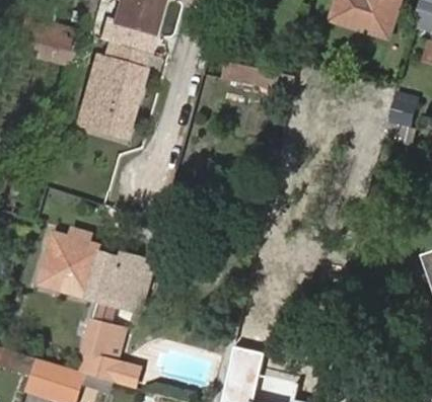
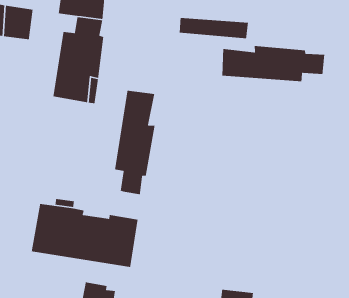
building: none -> [221,45,325,82]
building: none -> [114,90,156,195]

